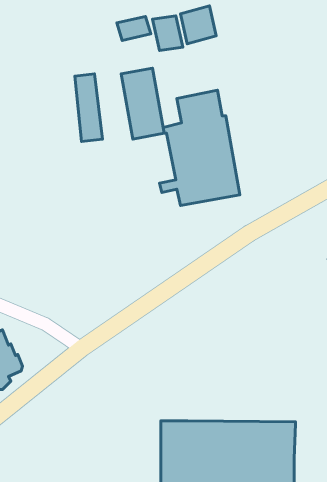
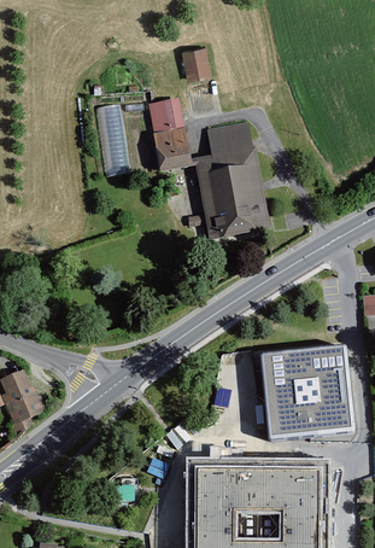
building: [181,6,216,44] -> none
building: [117,16,151,40] -> none
building: none -> [259,344,355,441]

